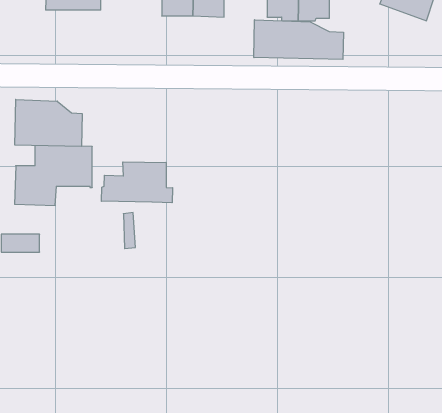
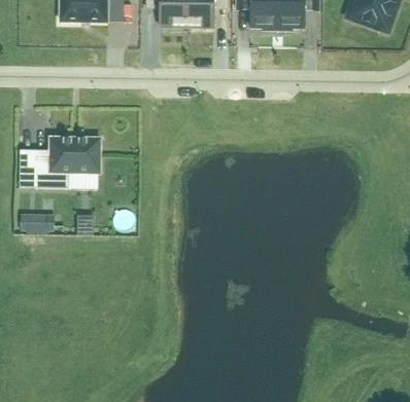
building: [254,20,343,59] -> none
building: [15,99,82,146] -> none
building: [101,162,173,203] -> none

